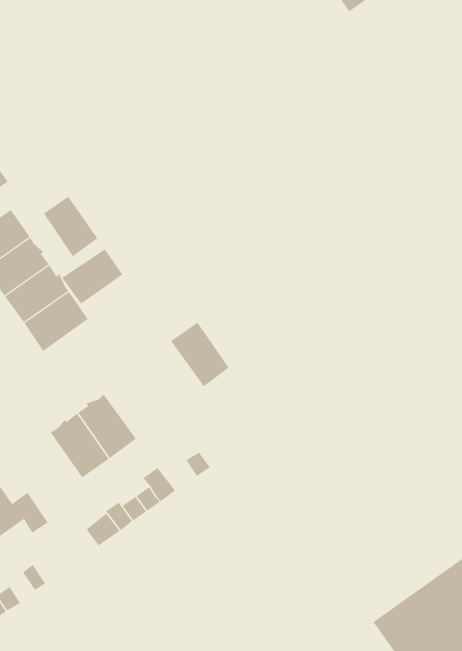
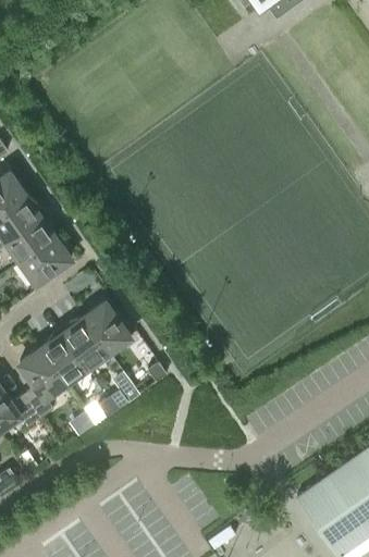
building: [43,196,98,257] -> none
building: [62,248,123,304] -> none
building: [170,322,230,387] -> [83,302,130,354]
building: none -> [19,348,65,419]

